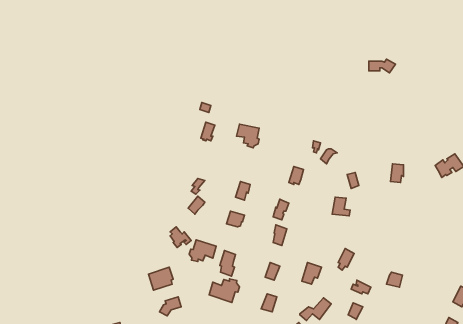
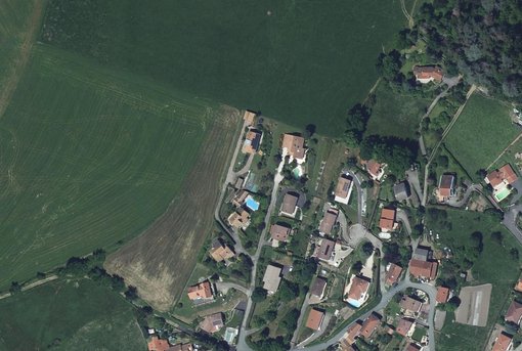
building: none -> [409,248,437,278]
building: [189,240,216,261] -> none
building: [209,279,240,302] -> none

